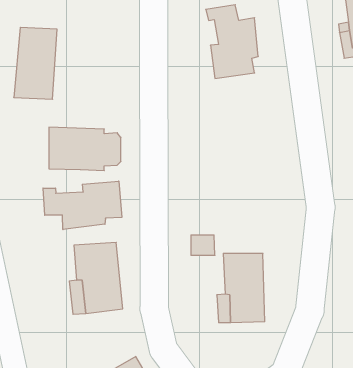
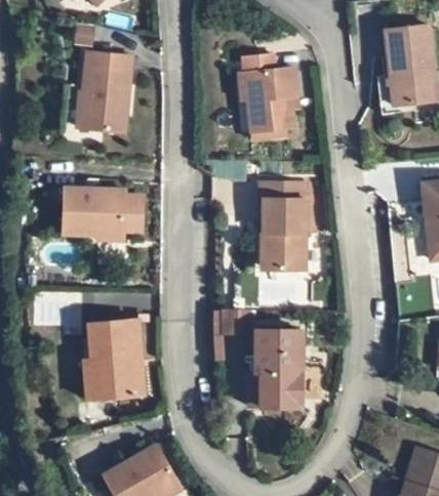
building: [14,27,57,99] -> [79,53,127,133]
building: none -> [258,185,302,270]
building: [43,181,122,230] -> none

